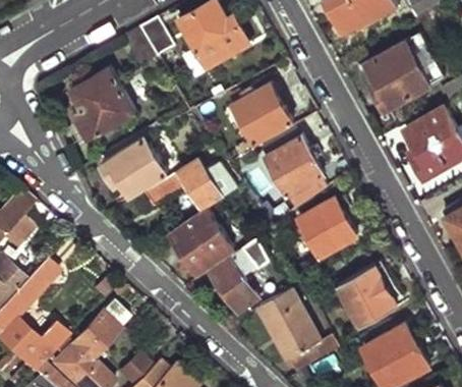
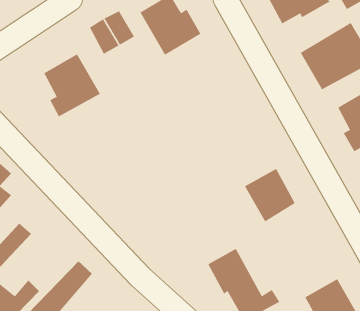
building: [234,76,292,142] -> none
building: [267,136,324,196] -> none
building: [103,139,167,201] -> none
building: [146,159,235,208] -> none
building: [174,211,233,270] -> none
building: [210,252,258,314] -> none
building: [339,267,397,329] -> none

